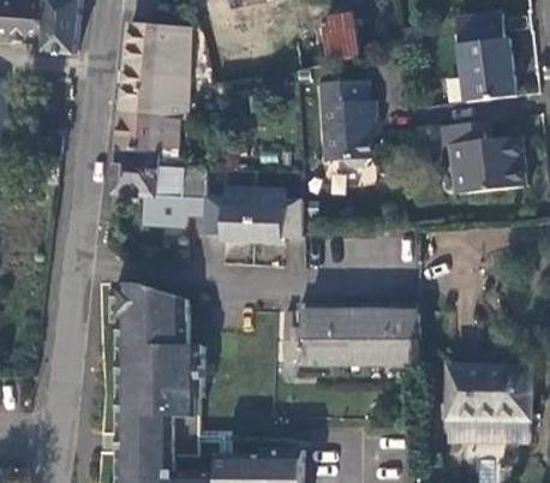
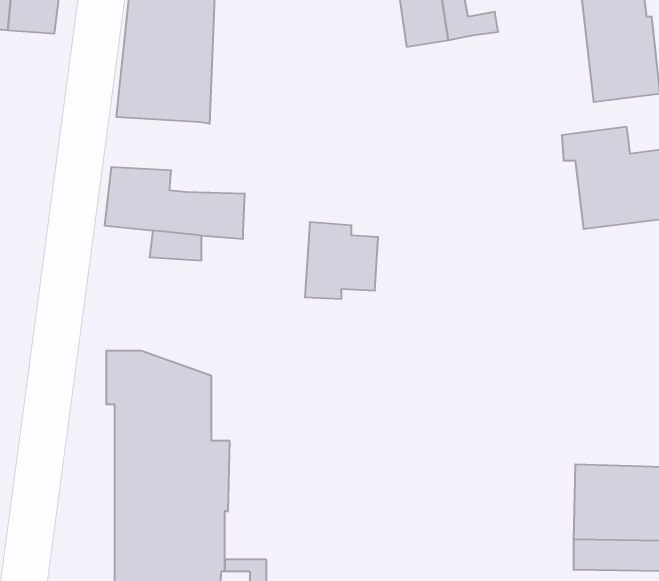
building: [318,77,372,161] -> none
building: [116,113,180,151] -> none
building: [209,187,259,243] -> none
building: [285,309,420,363] -> none

